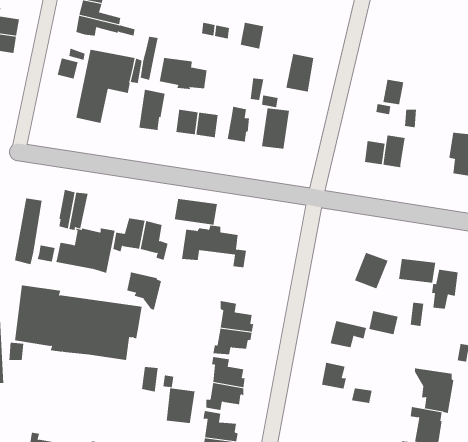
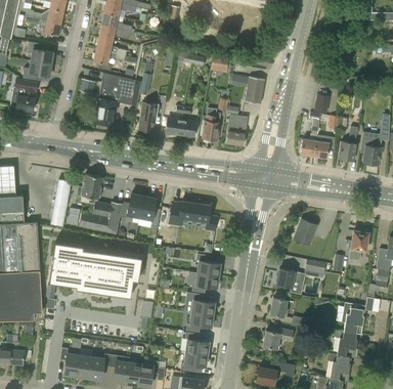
building: [159,57,207,90] -> none
building: none -> [340,126,360,160]
building: [174,198,218,225] -> none
building: [398,258,436,284] -> none
building: [125,272,162,311] -> none
building: [166,387,195,424] -> none
building: none -> [263,328,294,349]

